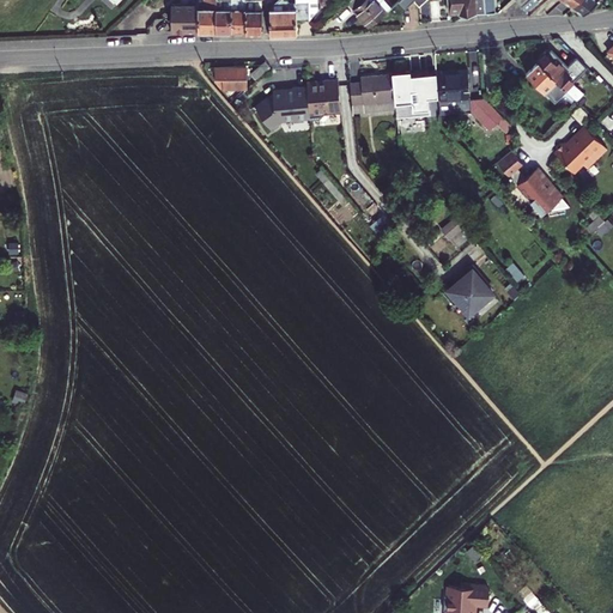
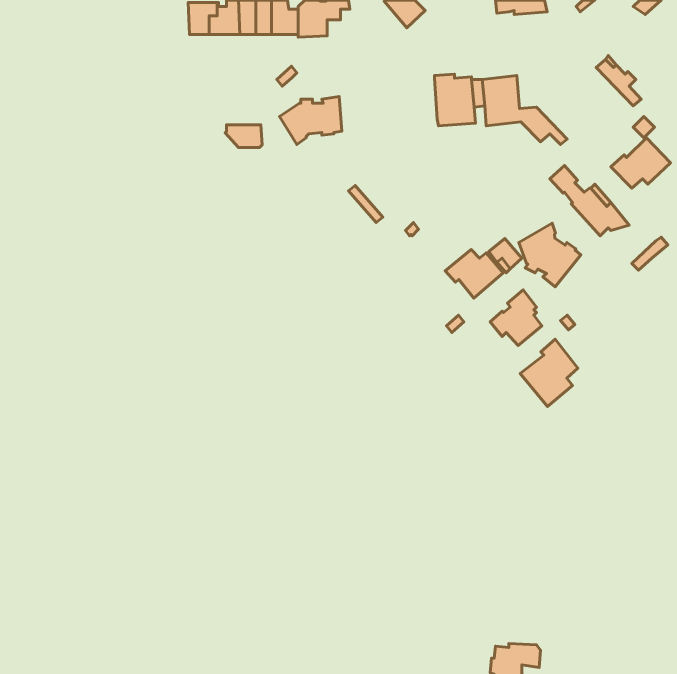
building: [527,63,564,101] -> none
building: [213,69,247,90] -> [225,125,262,147]
building: [350,73,395,114] -> none
building: [305,81,340,121] -> none
building: none -> [519,223,581,287]
building: none -> [445,249,503,298]
building: none -> [520,339,578,406]

